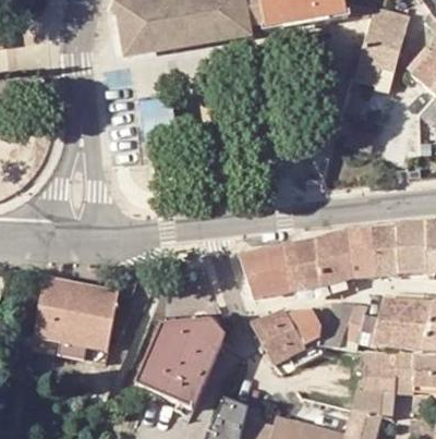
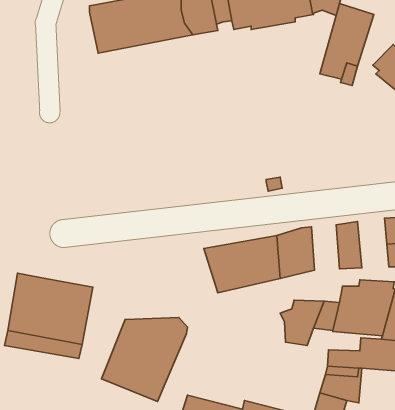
building: [395,222,426,272] -> none
building: [348,229,376,275] -> none
building: [250,309,324,378] -> none

